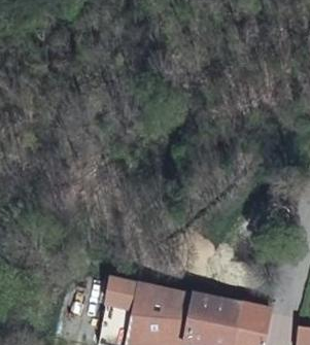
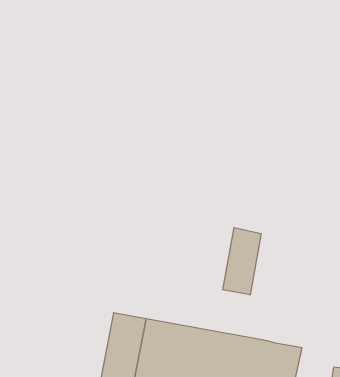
building: none -> [223,227,261,295]

